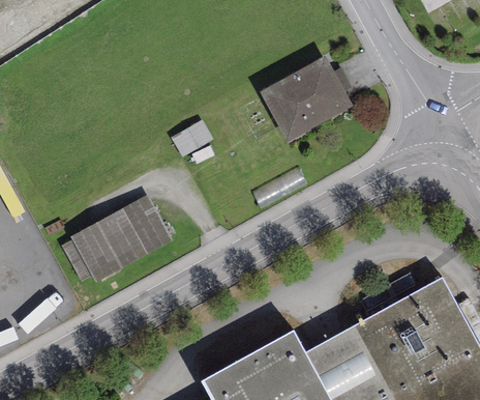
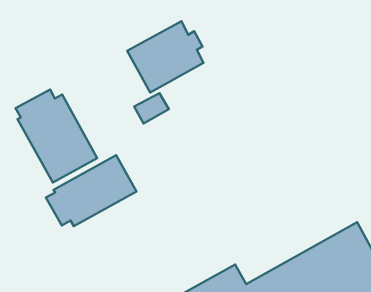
building: [259,56,352,143] -> [127,21,204,92]
building: none -> [16,90,97,183]

